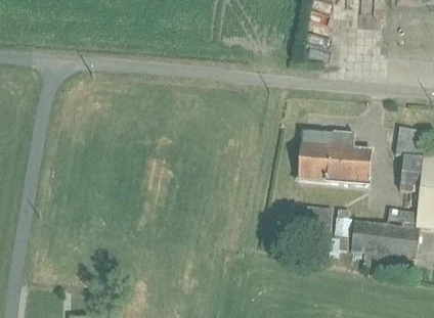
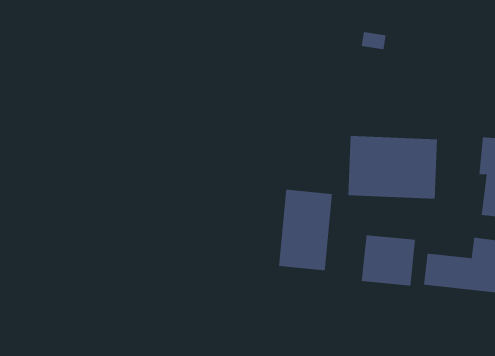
building: none -> [278,189,333,271]

